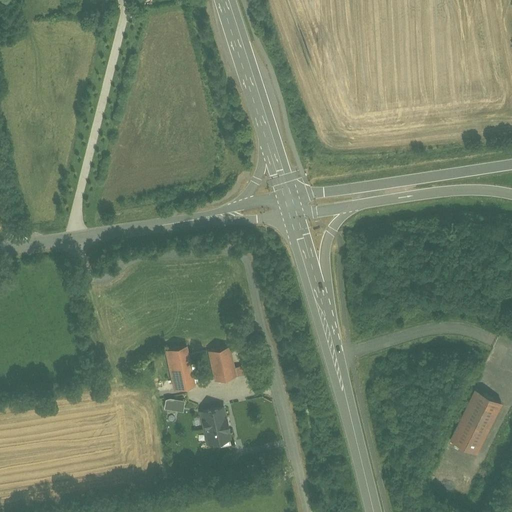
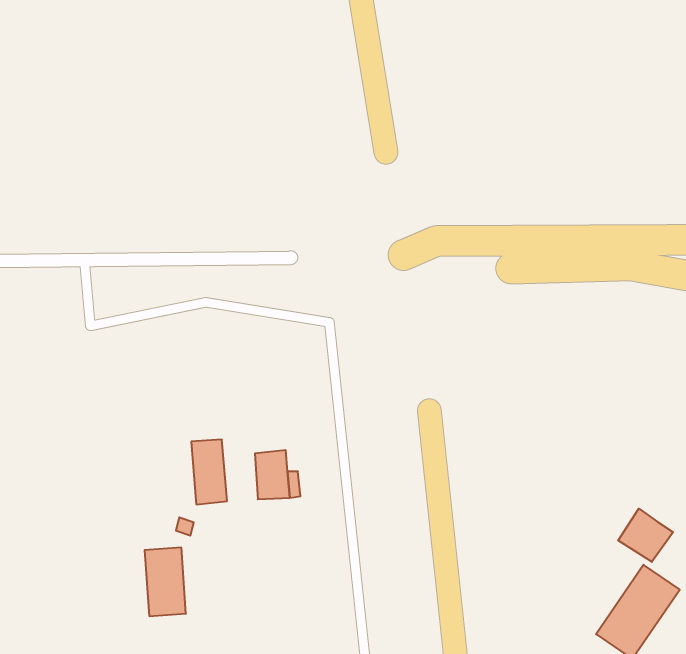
building: none -> [618,509,673,562]
building: [198,404,231,452] -> [145,548,186,616]

